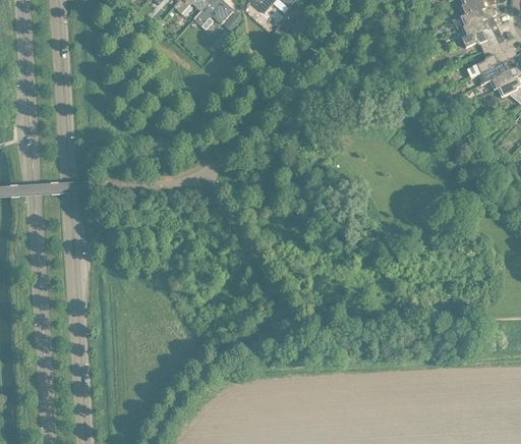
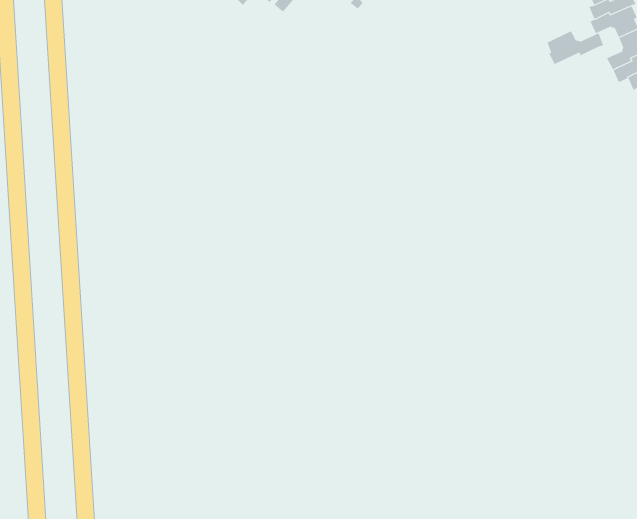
building: none -> [547,30,604,65]

